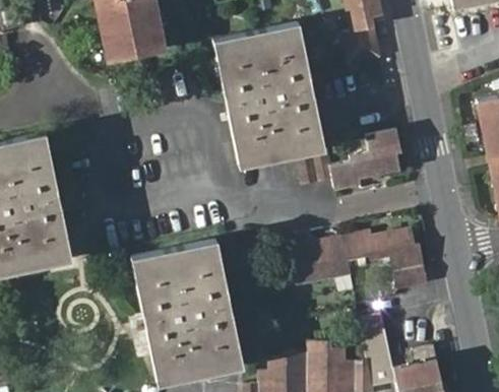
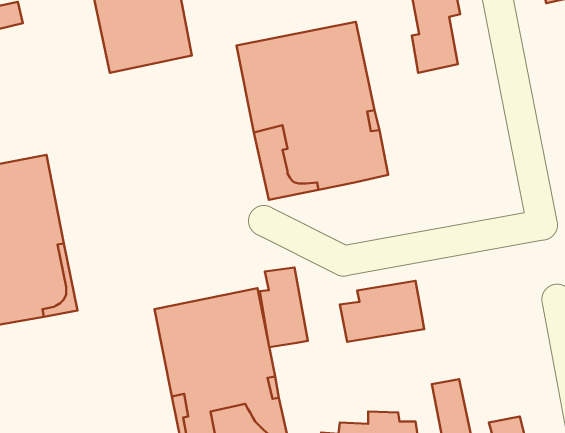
building: [332,129,408,190] -> none
building: [348,222,432,291] -> none
building: none -> [260,268,308,347]

